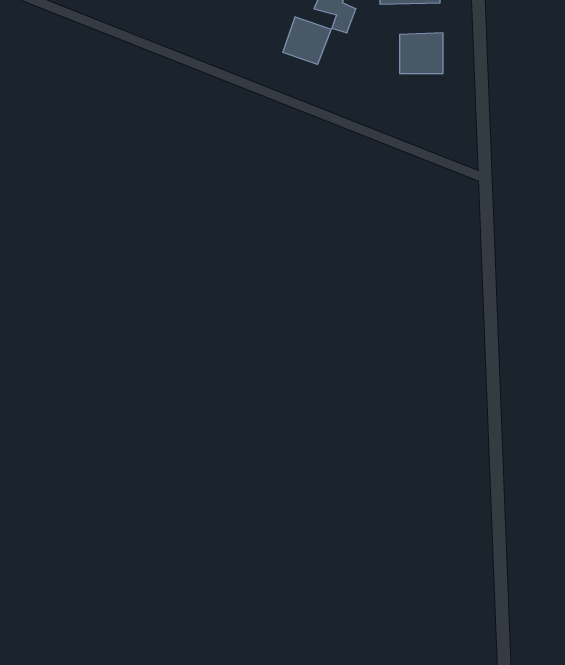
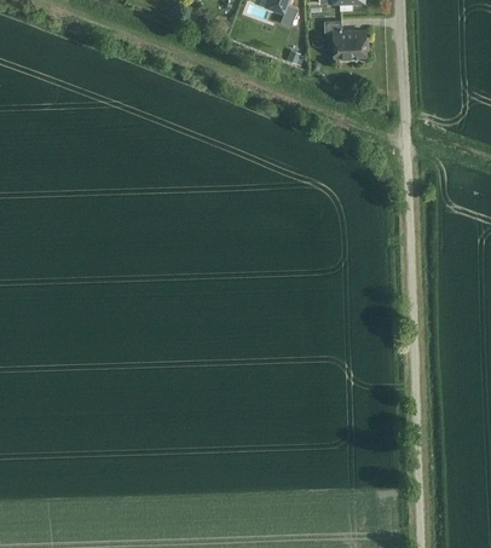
building: [283,17,331,64] -> none

